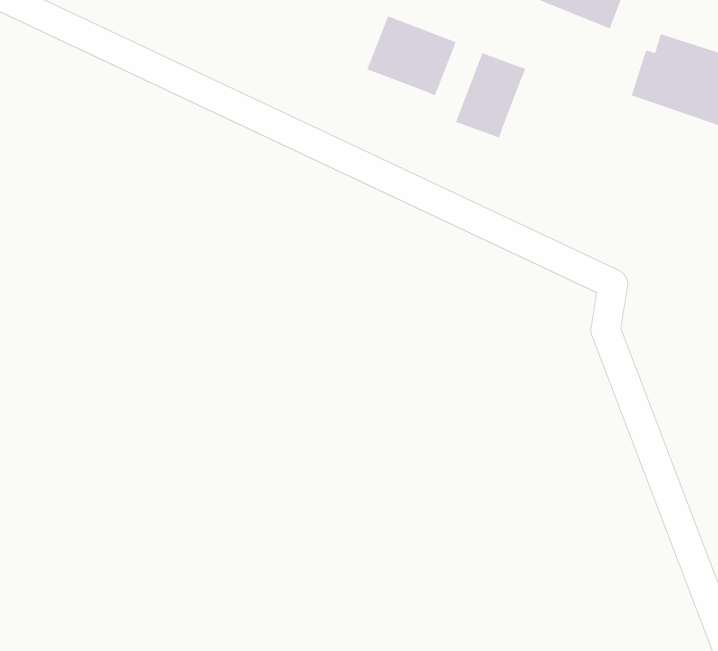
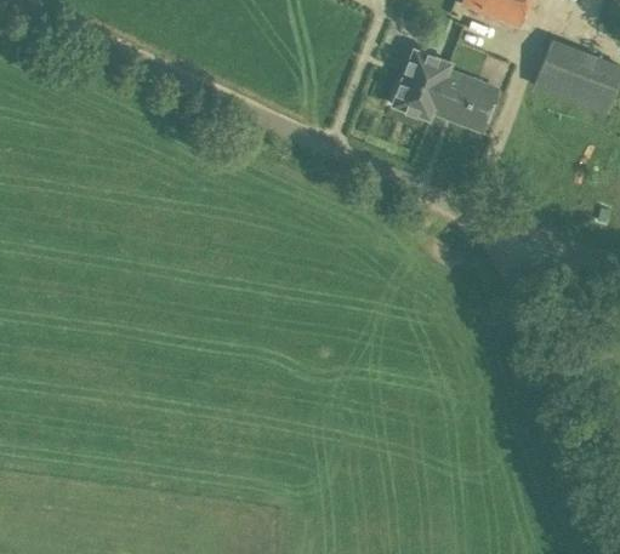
building: [366,16,457,96] -> none
building: none -> [431,72,496,131]

